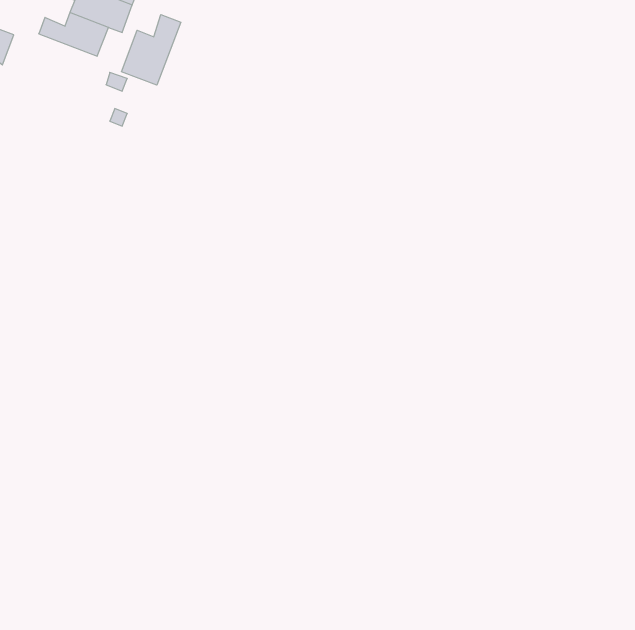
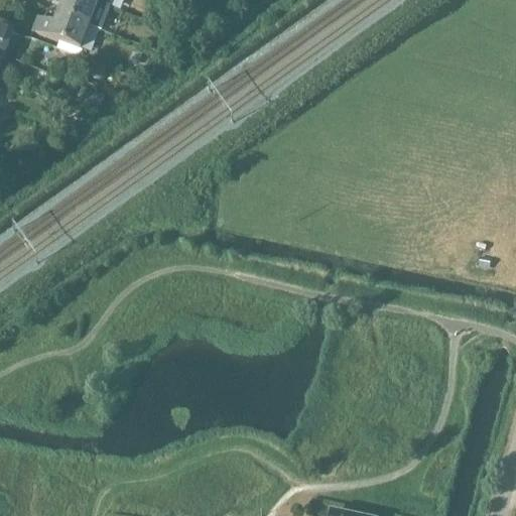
building: [121,15,181,85] -> none

